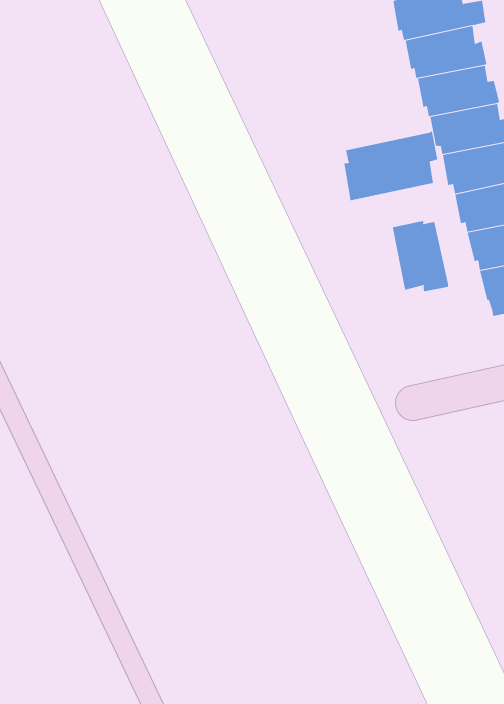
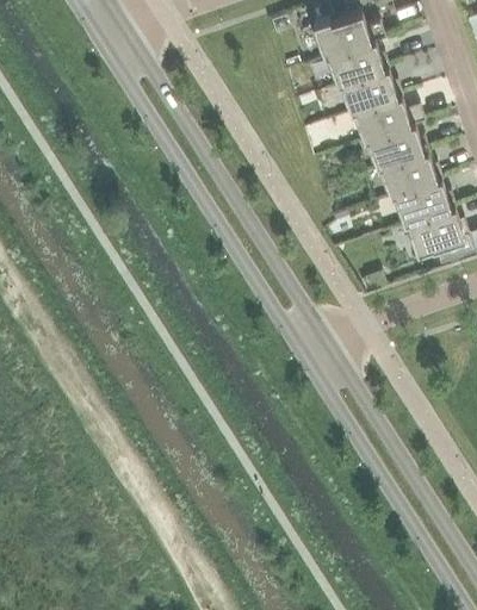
building: [344,130,438,201] -> none
building: [392,220,449,292] -> none

